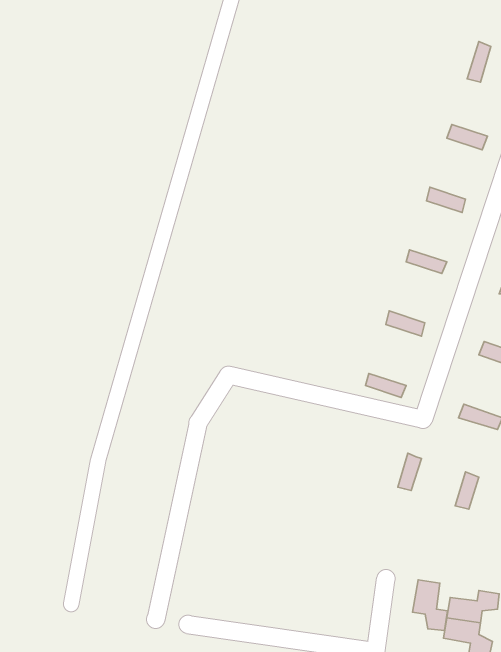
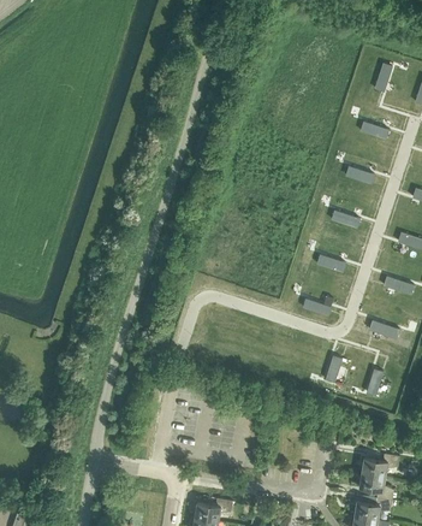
building: [413,580,448,630] -> none

